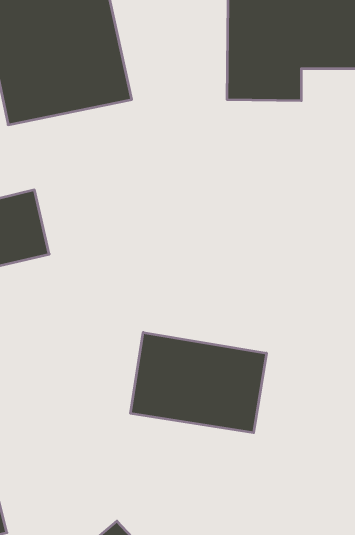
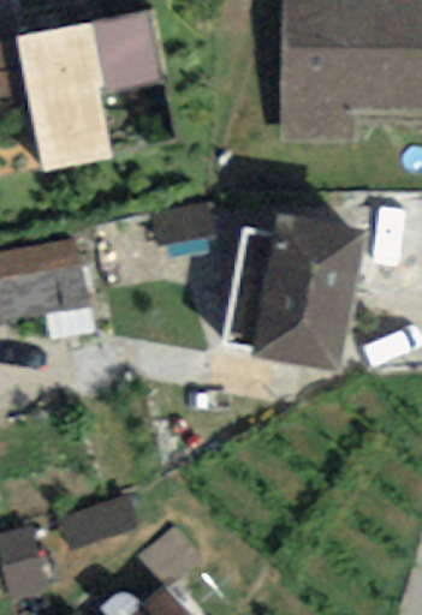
building: none -> [250,203,362,362]
building: [131,332,266,433] -> none

